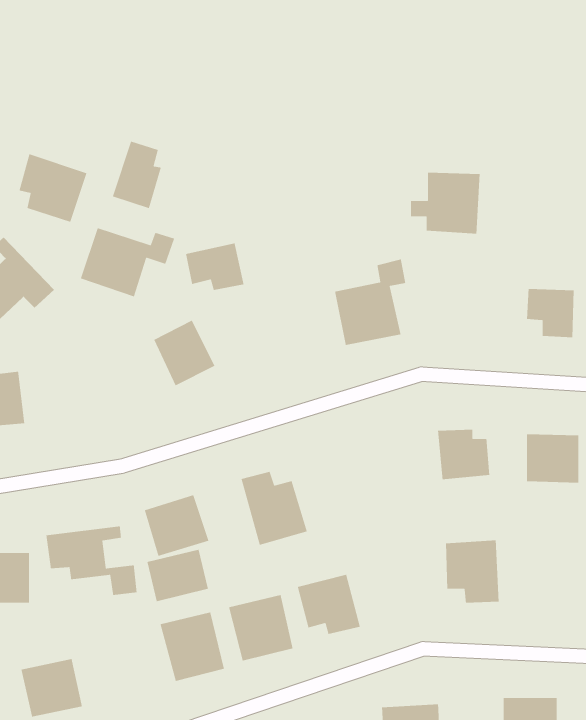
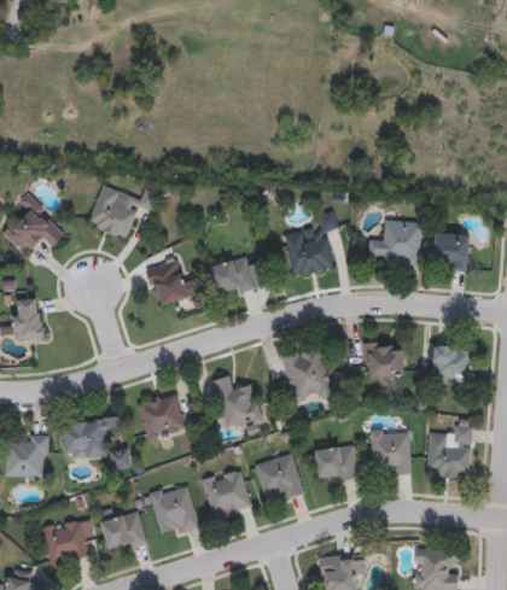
building: [112,140,162,209] -> none
building: [19,153,88,223] -> none
building: [410,172,480,234] -> [368,220,422,268]
building: [185,243,244,291] -> [210,257,256,294]
building: none -> [282,346,333,404]
building: none -> [426,425,472,479]
building: [146,549,209,602] -> none
building: none -> [314,444,359,484]
building: none -> [101,513,146,551]

